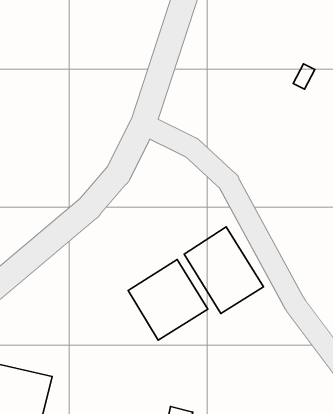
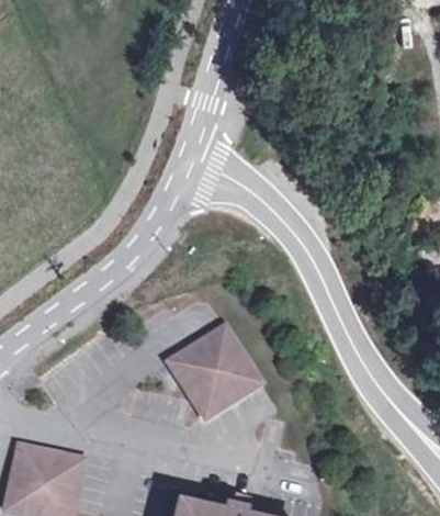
building: [184,227,263,313] -> none

